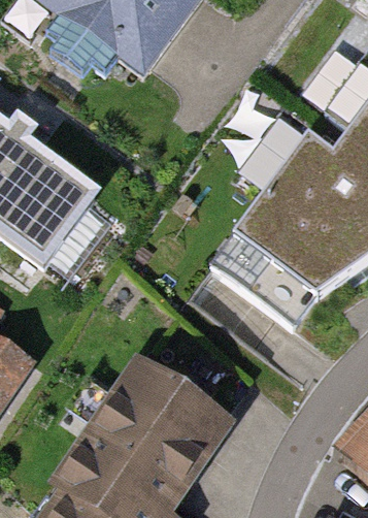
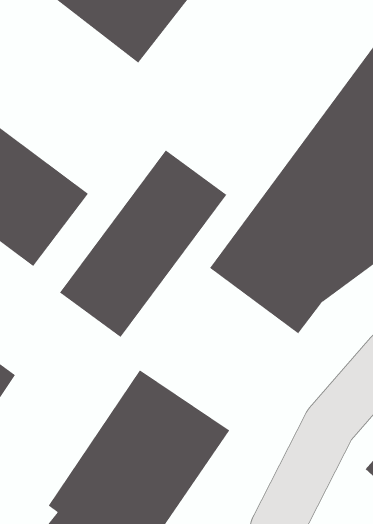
building: none -> [59,150,227,338]

